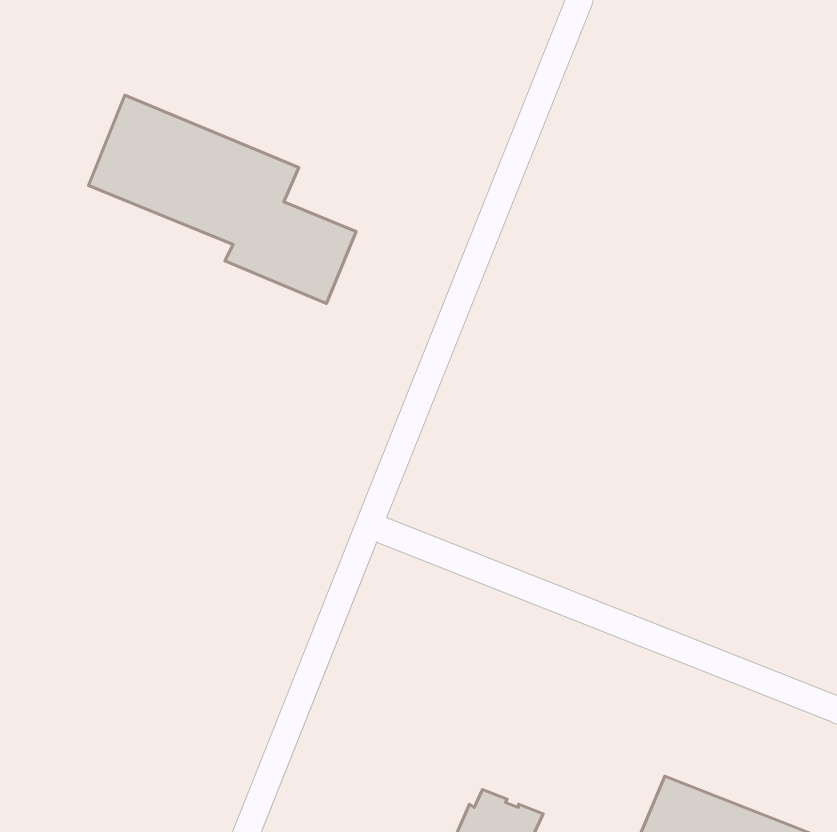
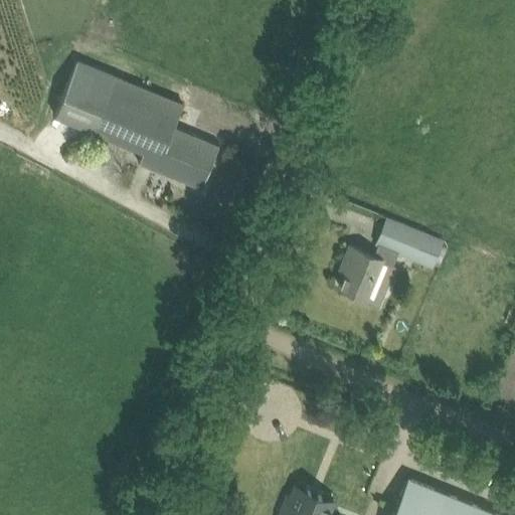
building: none -> [377,219,444,269]
building: none -> [340,248,386,310]

